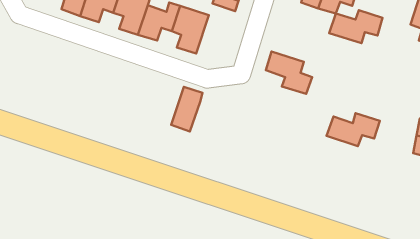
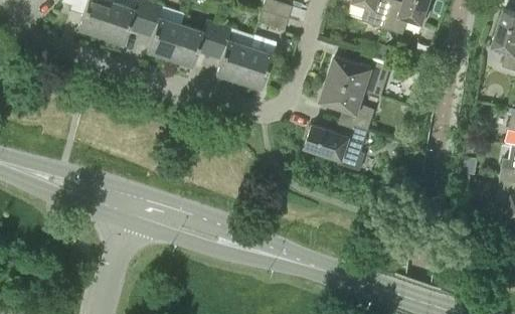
building: [329,10,383,43] -> [327,51,390,91]
building: [171,87,203,132] -> [237,35,275,89]
building: [327,113,380,146] -> [305,120,368,159]

